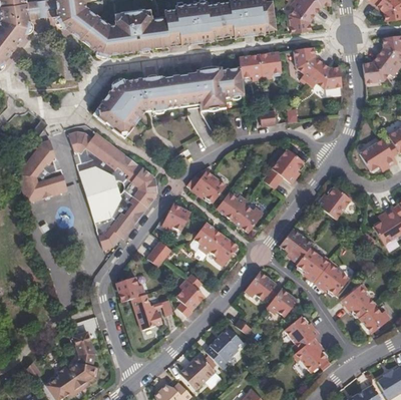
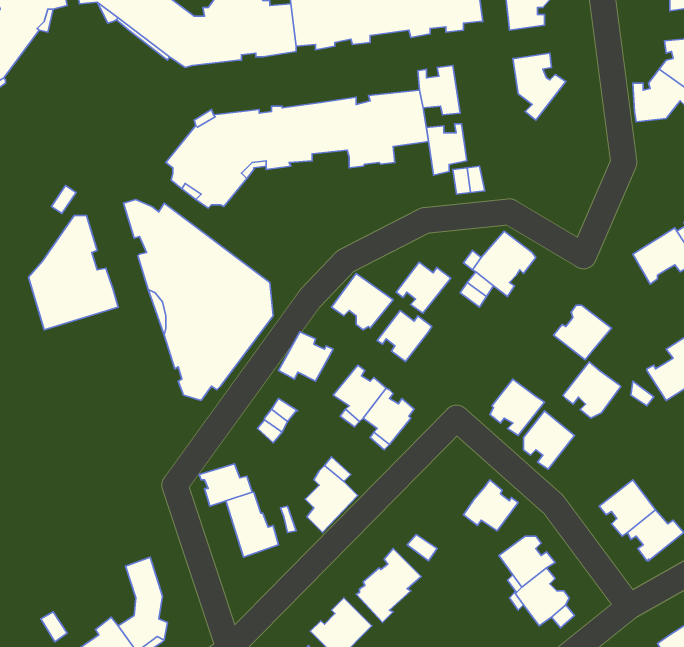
building: [260,50,283,79] -> [426,124,467,175]
building: [307,61,342,88] -> none
building: [233,204,264,233] -> [396,262,451,313]
building: [314,263,347,295] -> [563,362,621,418]
building: [244,271,281,299] -> none

